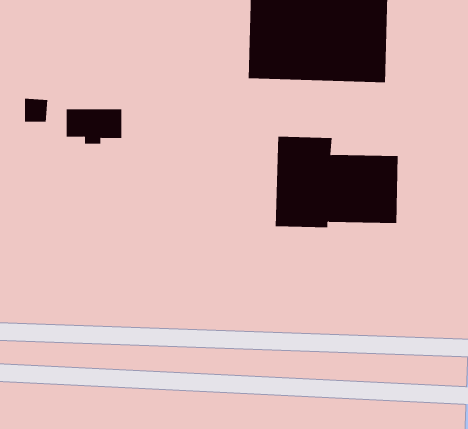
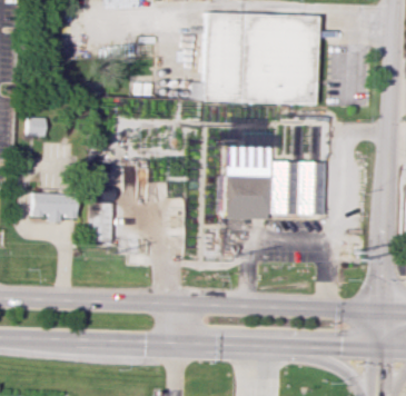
building: [66,109,122,144] -> [32,192,77,220]
building: none -> [89,201,112,241]

